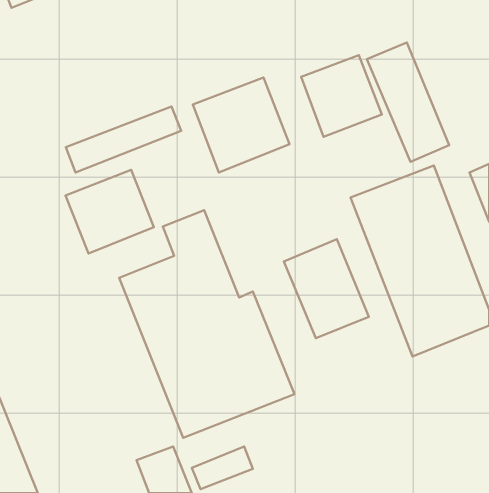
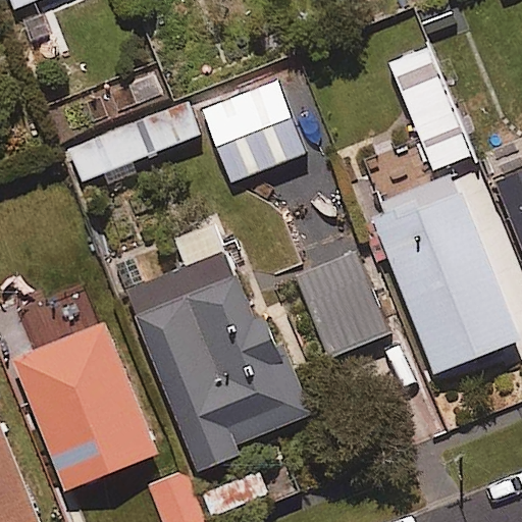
building: [301,55,382,137] -> none
building: [65,170,154,253] -> none
building: none -> [11,322,160,493]

